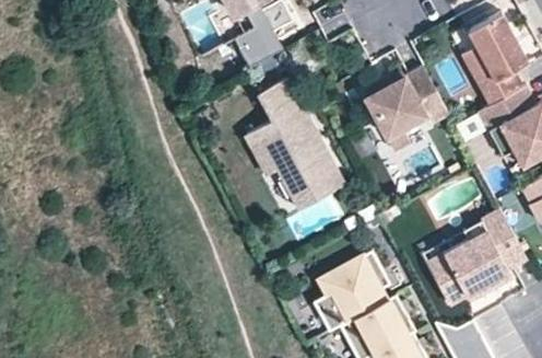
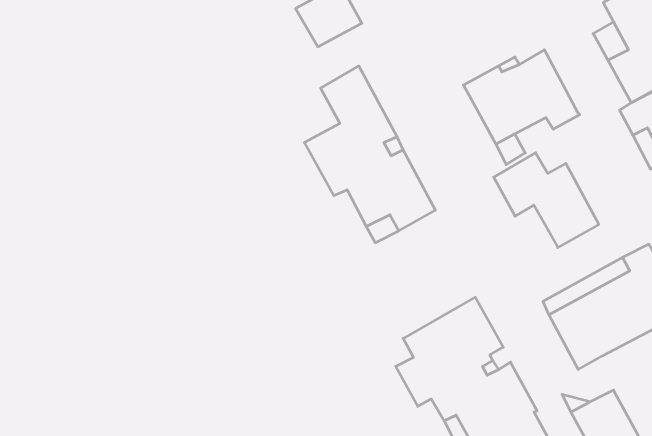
building: none -> [494,153,599,248]

